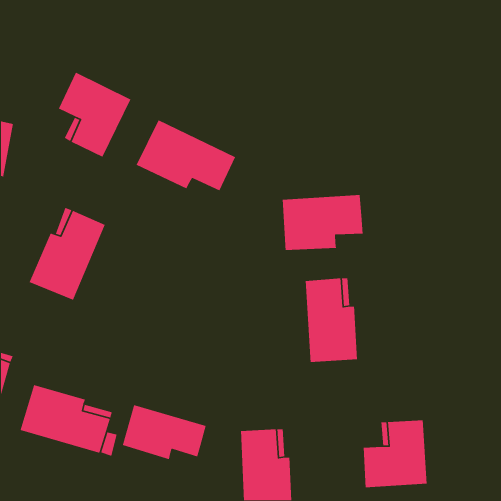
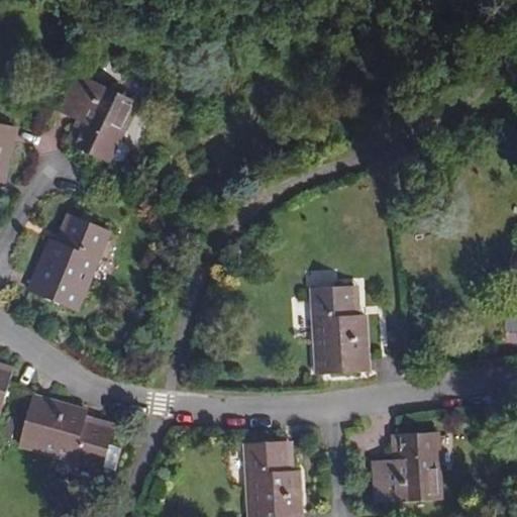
building: [135,119,236,192] -> none
building: [282,194,364,251] -> none
building: [122,404,207,460] -> none

